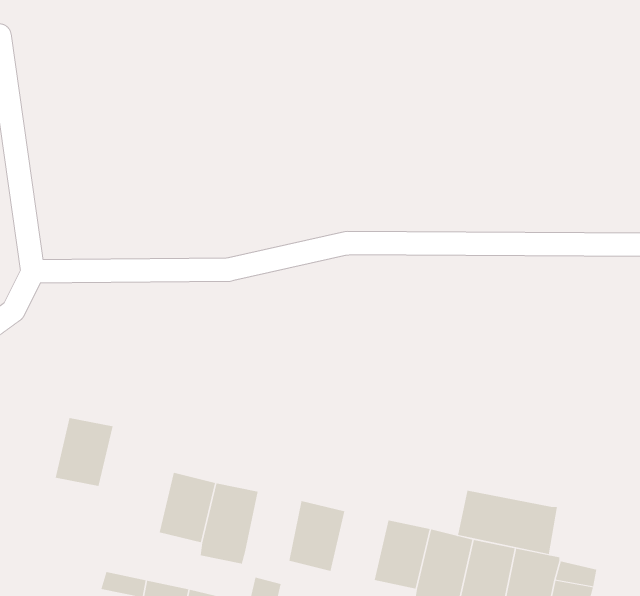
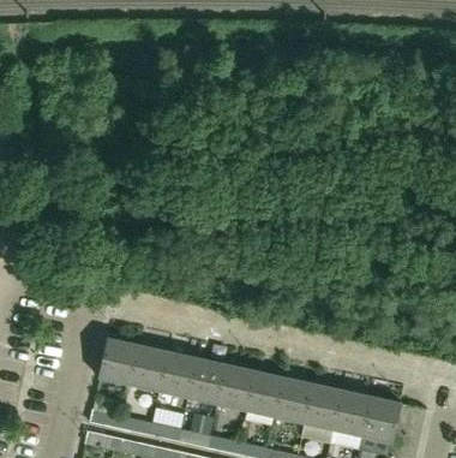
building: [55,417,113,487] -> [98,338,138,385]
building: [457,490,558,555] -> none
building: none -> [187,357,224,404]
building: none -> [245,370,283,417]

